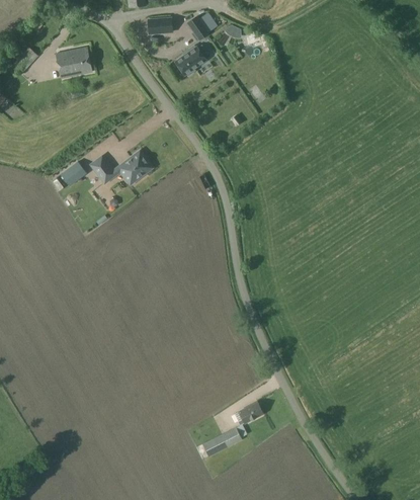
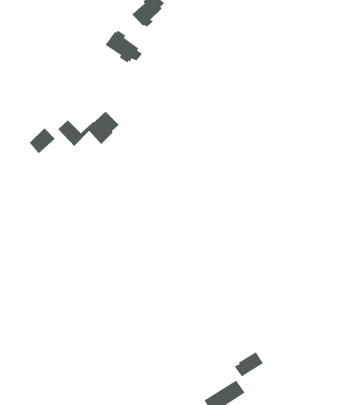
building: [56,46,92,77] -> none
building: none -> [105,30,143,63]

